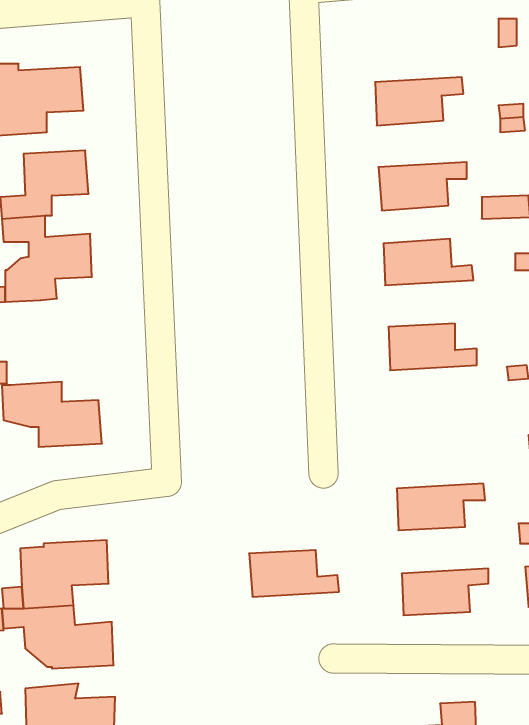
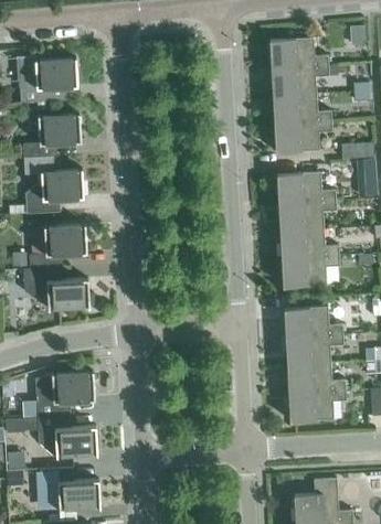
building: none -> [268,38,328,68]
building: none -> [272,94,331,125]
building: none -> [277,200,336,231]
building: none -> [29,225,86,269]
building: none -> [281,256,339,287]
building: none -> [283,307,342,338]
building: [249,550,339,597] -> [286,363,346,394]

